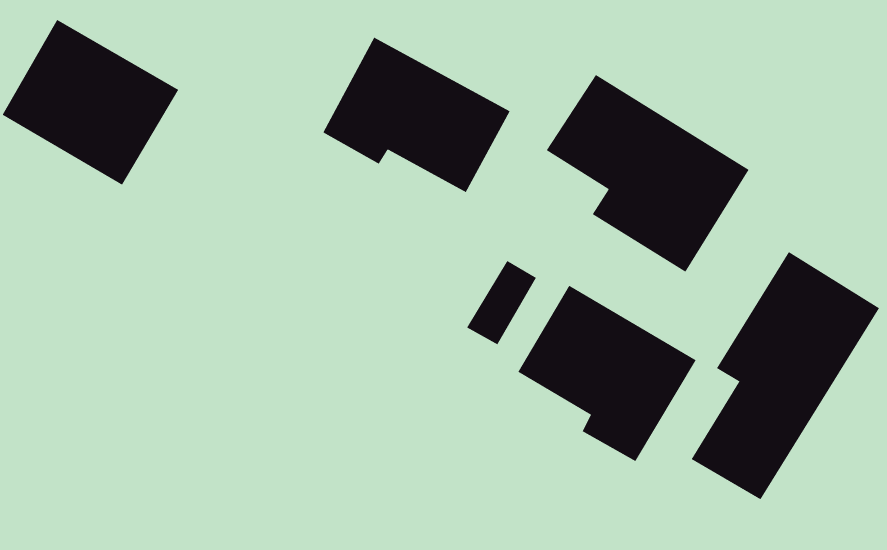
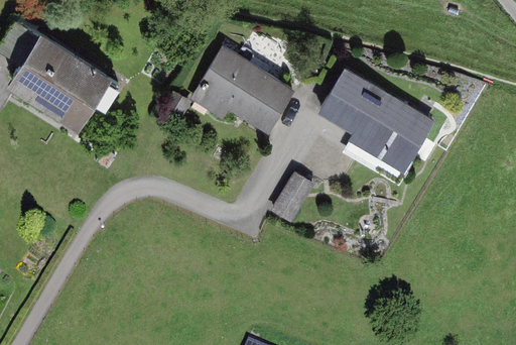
building: [691,251,880,500] -> none
building: [518,285,697,462] -> none

